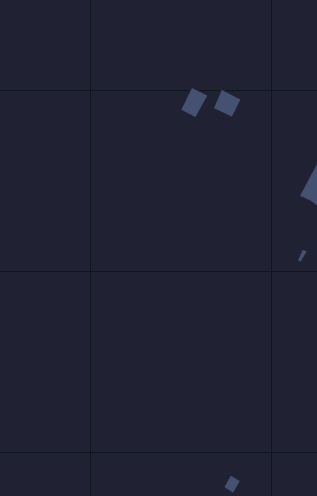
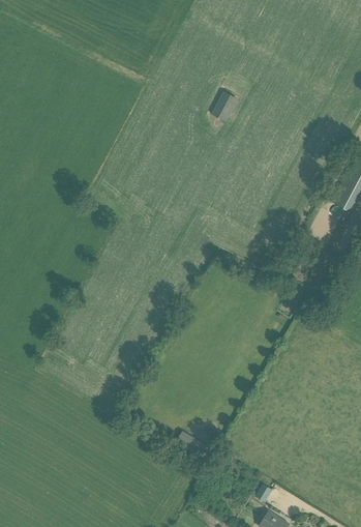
building: [213,89,241,118] -> none

